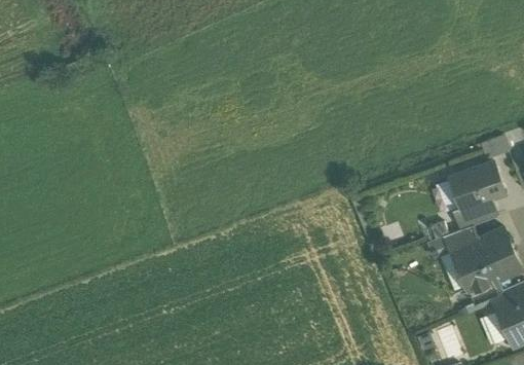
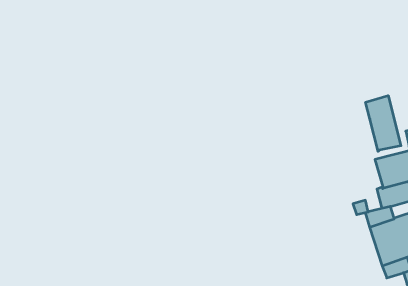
building: none -> [366,96,401,151]

